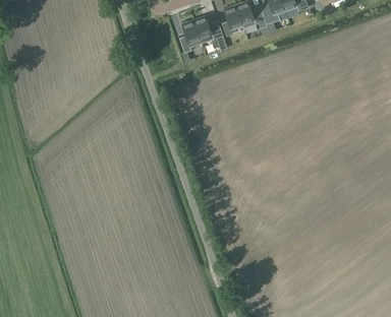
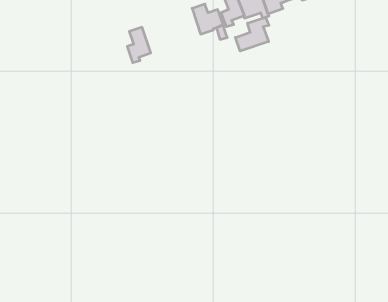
building: [178,20,201,54] -> [127,27,151,63]
building: none -> [235,17,269,51]

